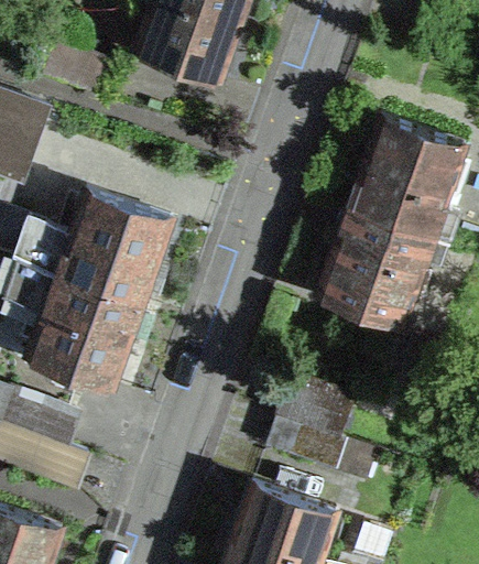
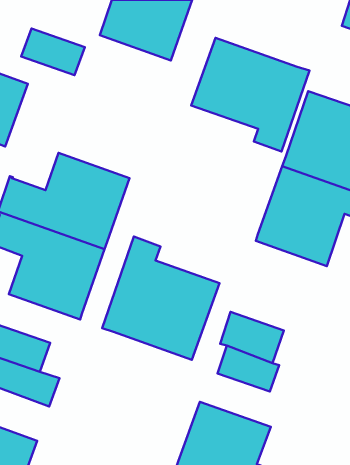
building: none -> [191,38,309,152]
building: none -> [102,236,220,360]

